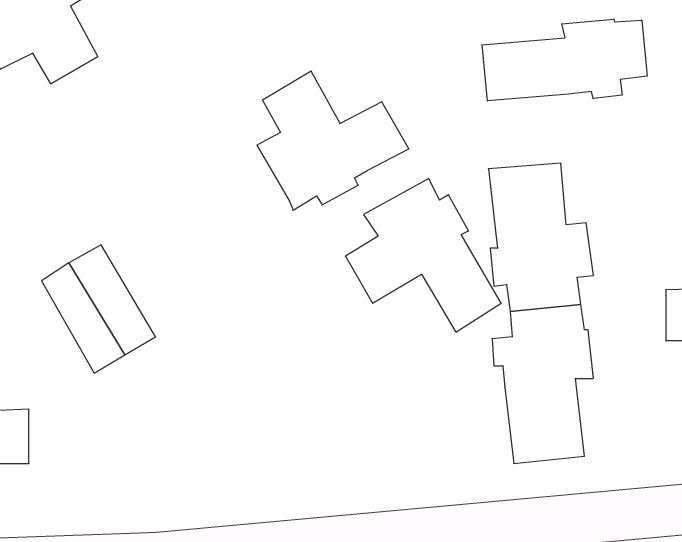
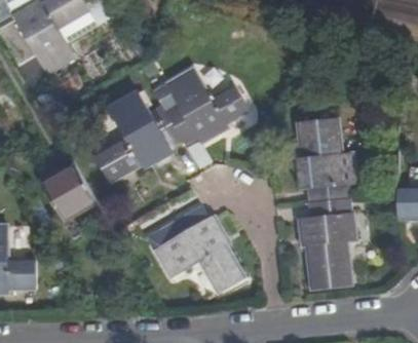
building: [482,19,647,101] -> none
building: none -> [96,92,182,183]
building: [345,178,501,332] -> [154,206,242,294]

